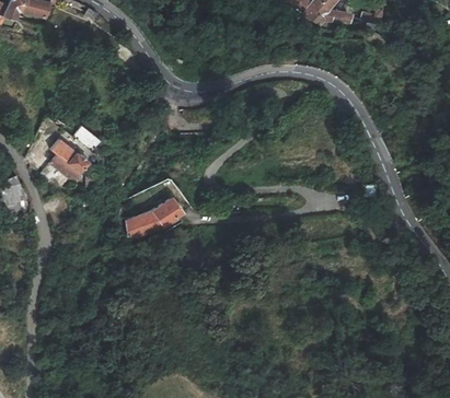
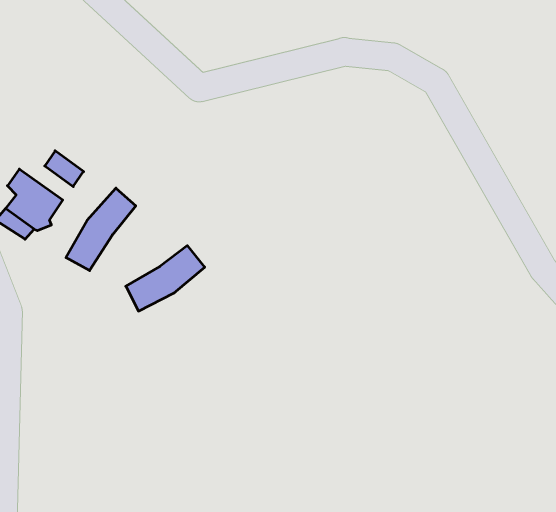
building: none -> [66,188,136,271]

